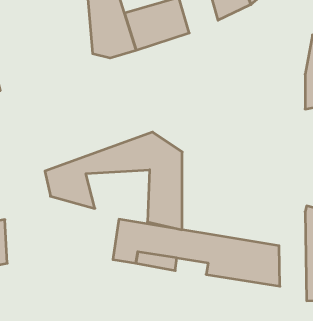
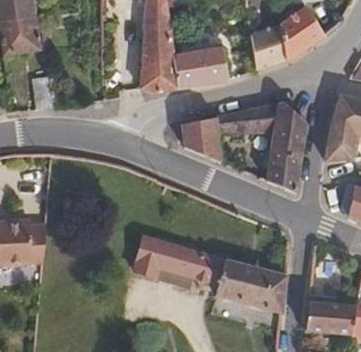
building: [45,132,182,230] -> [183,101,307,191]

